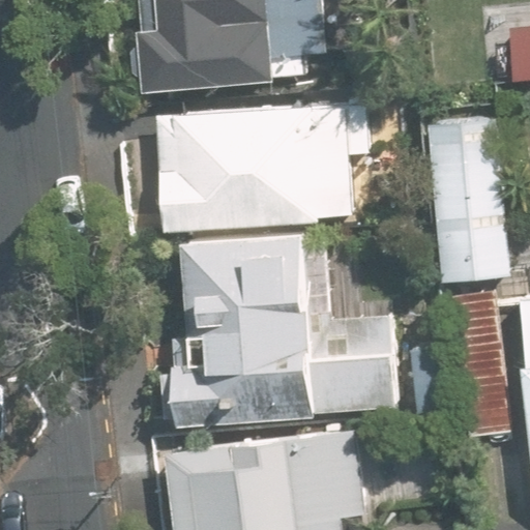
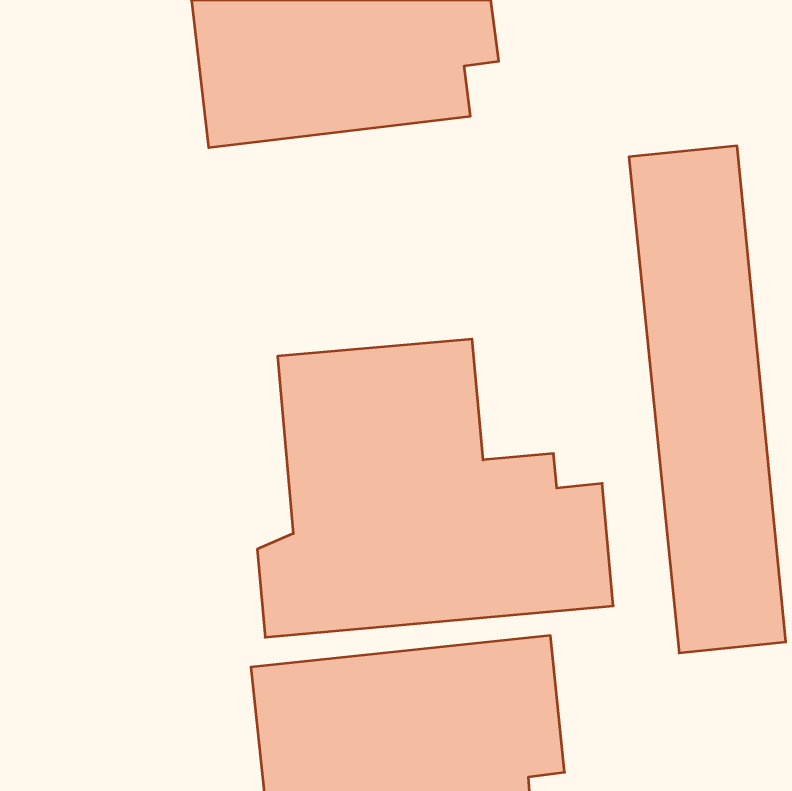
building: [153,99,351,227] -> none

